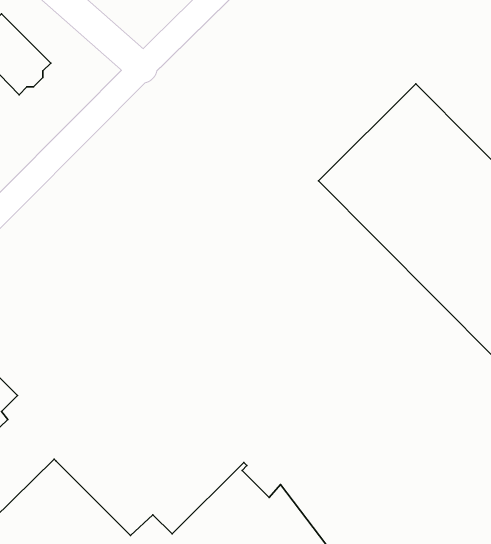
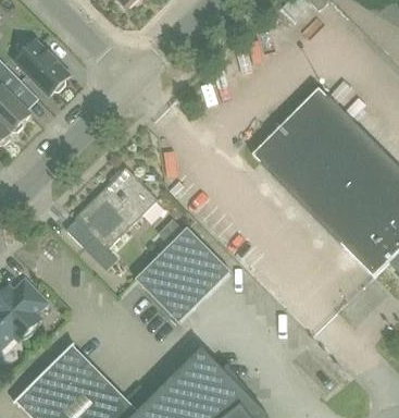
building: none -> [74,165,158,270]
building: none -> [135,228,230,323]

